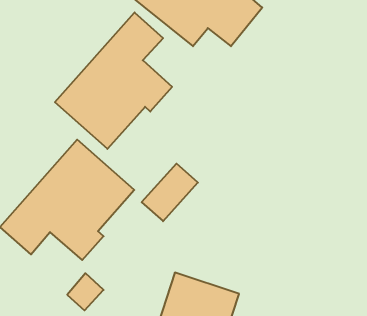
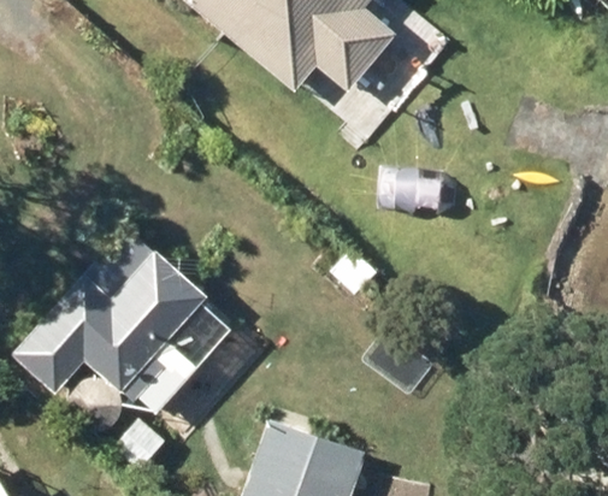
building: [55,12,172,149] -> none

